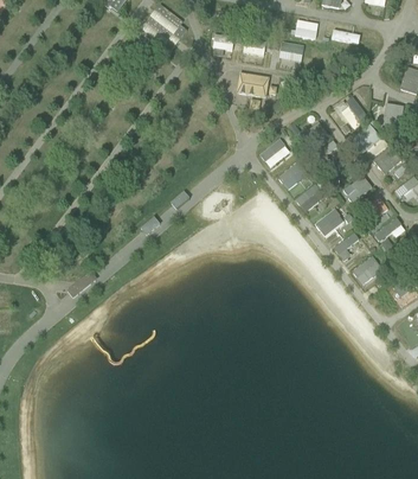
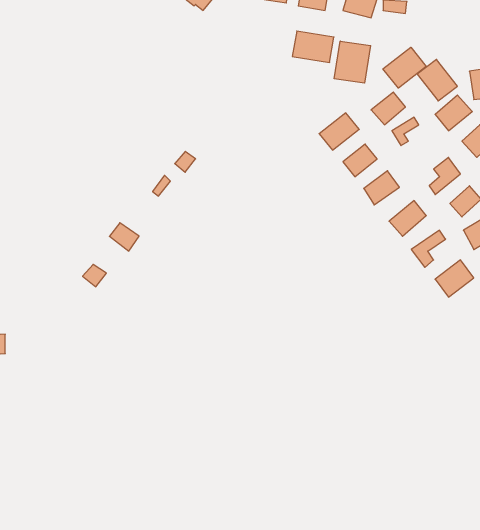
building: none -> [334,41,371,83]
building: none -> [383,47,426,88]

